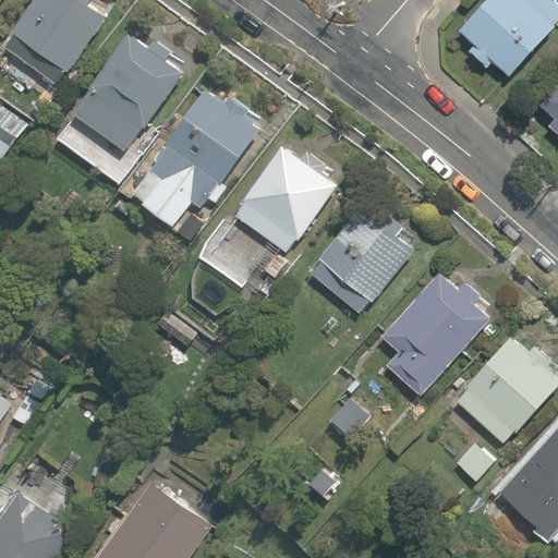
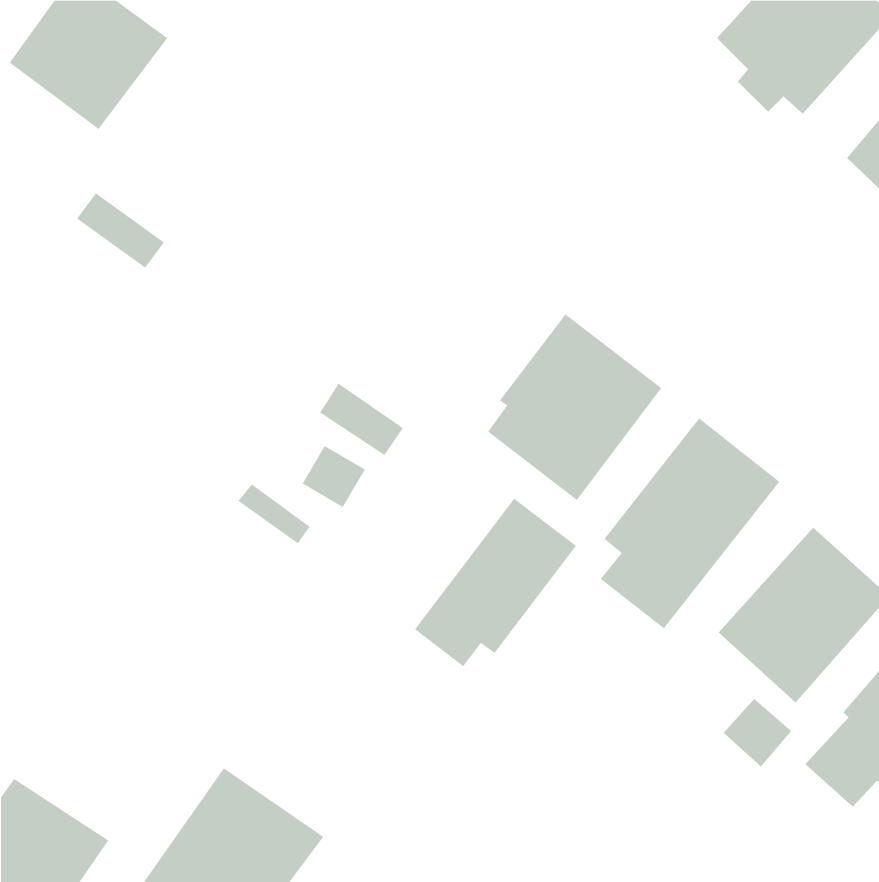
building: [69,37,180,154] -> none
building: [124,84,260,227] -> none
building: [232,144,341,255] -> none
building: none -> [414,498,577,667]

